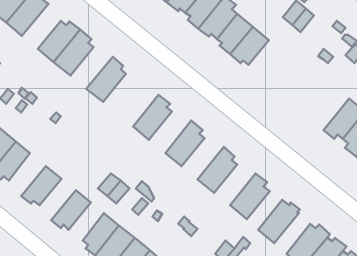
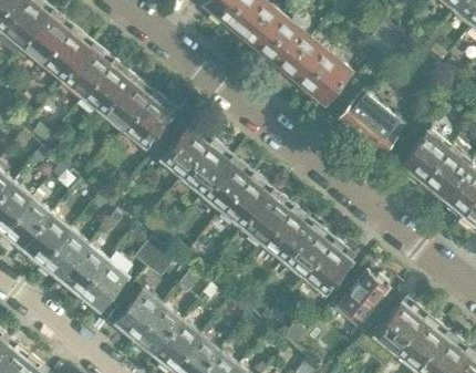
building: none -> [41,25,90,82]
building: none -> [102,80,155,132]
building: none -> [339,90,406,154]
building: none -> [159,127,213,179]
building: none -> [403,127,452,184]
building: none -> [200,160,253,213]
building: none -> [241,194,294,246]
building: none -> [24,213,71,267]
building: none -> [282,227,334,278]
building: none -> [63,245,108,297]

